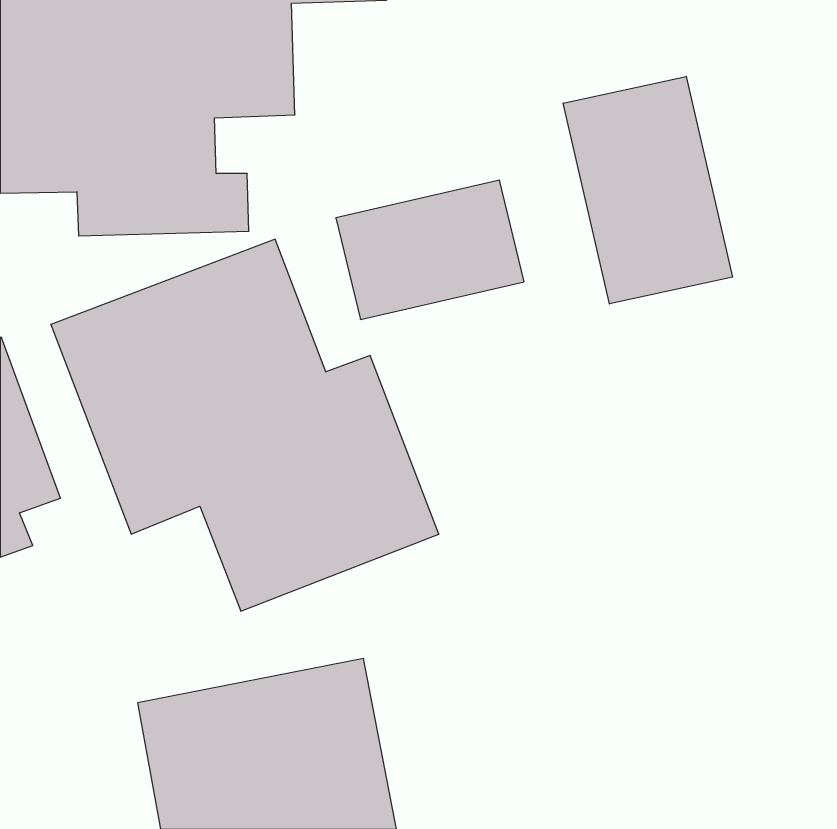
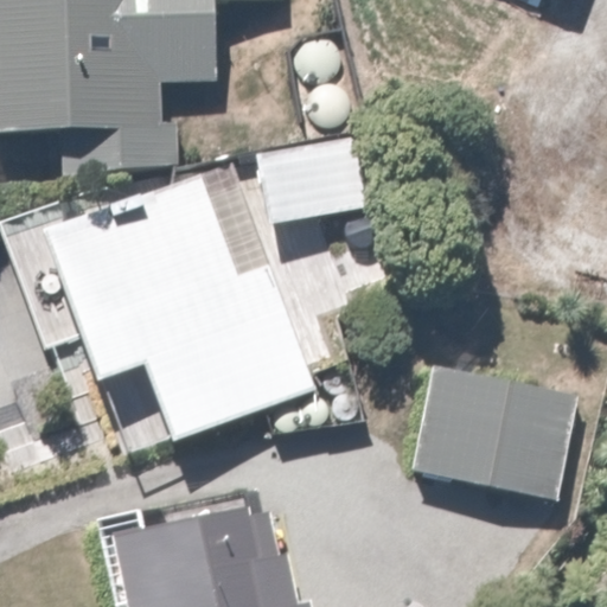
building: [563,76,732,304] -> none
building: none -> [413,368,577,499]

